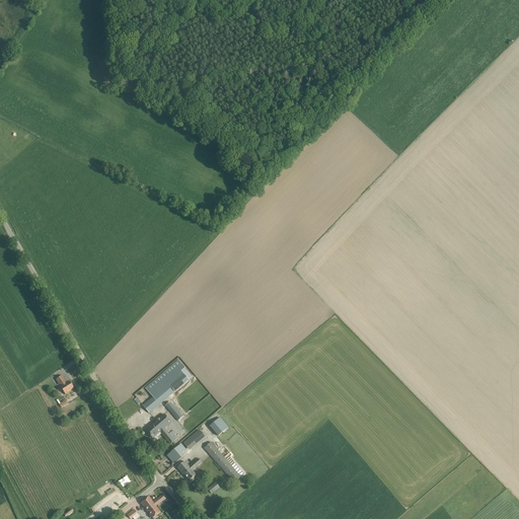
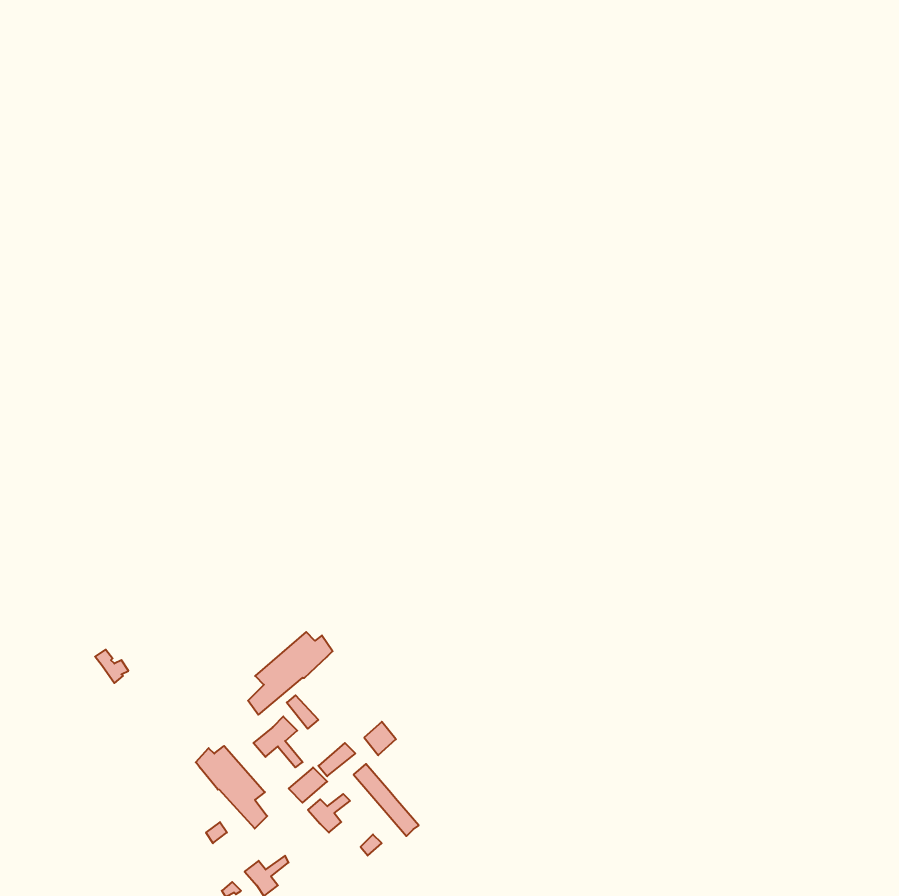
building: none -> [196,746,267,829]

